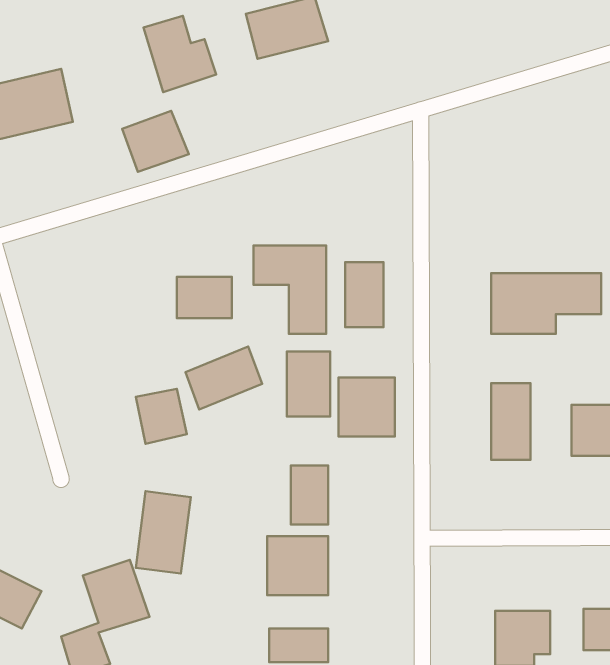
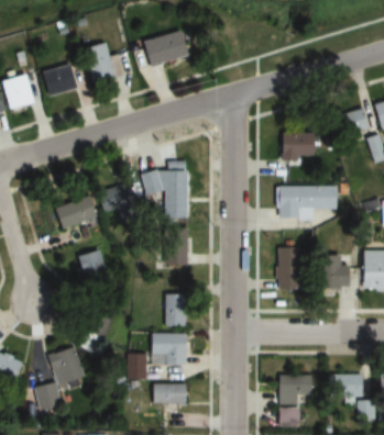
building: [122,111,189,172] -> [41,64,78,98]
building: none -> [279,132,314,157]
building: [345,262,384,327] -> none
building: [185,347,262,409] -> [54,196,97,231]
building: [339,377,395,436] -> none
building: none -> [130,356,149,380]

